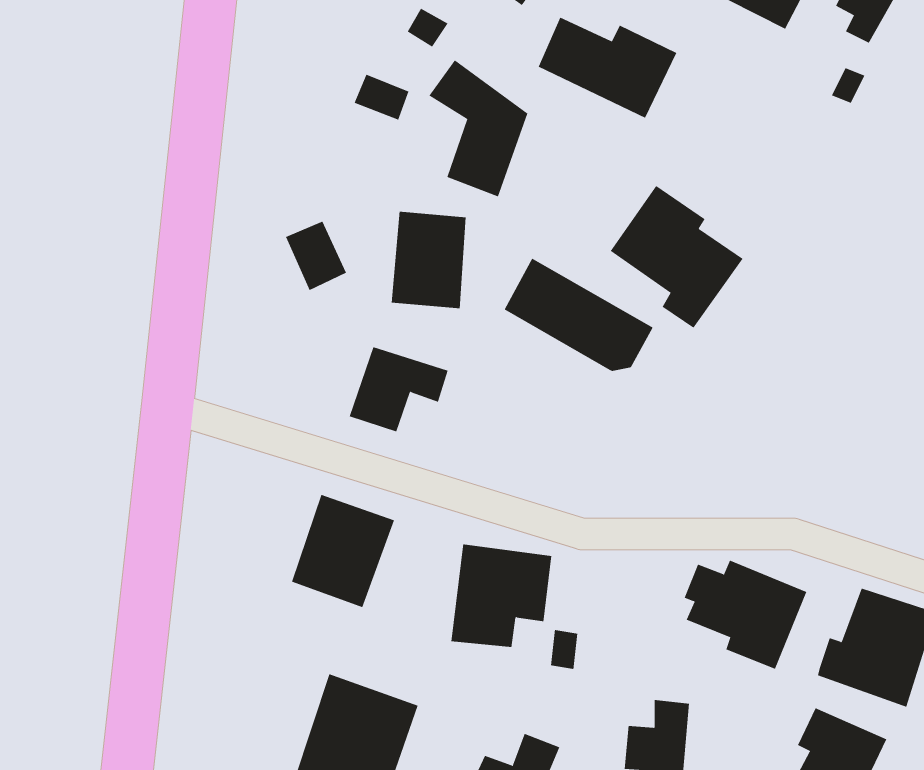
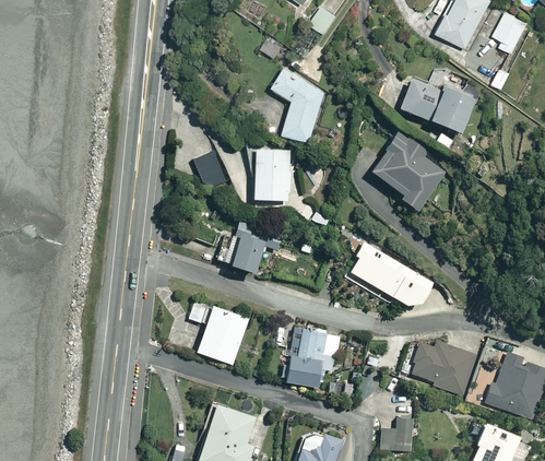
building: [538,17,677,119] -> [399,79,475,134]
building: [354,74,409,120] -> none
building: [504,258,653,371] -> [349,244,431,306]

